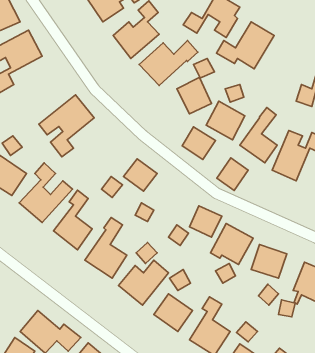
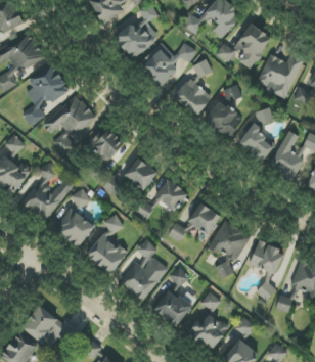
building: none -> [255,53,304,99]
building: none -> [21,64,68,127]
building: none -> [88,126,123,161]
building: [182,127,215,159] -> [154,179,187,211]
building: [217,158,248,190] -> none

